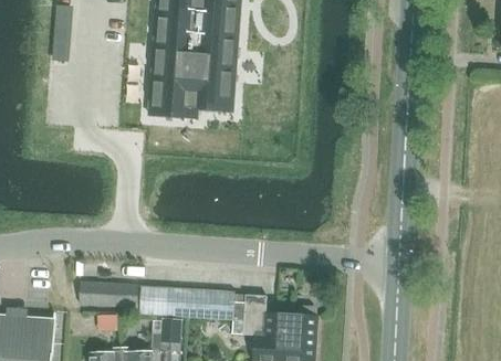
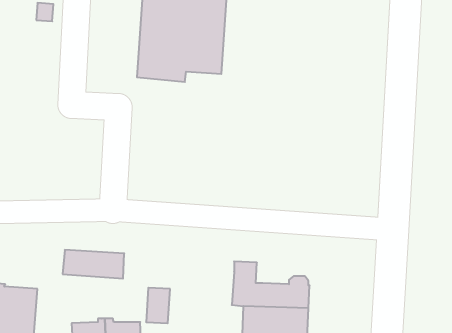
building: [138,285,244,333] -> none

